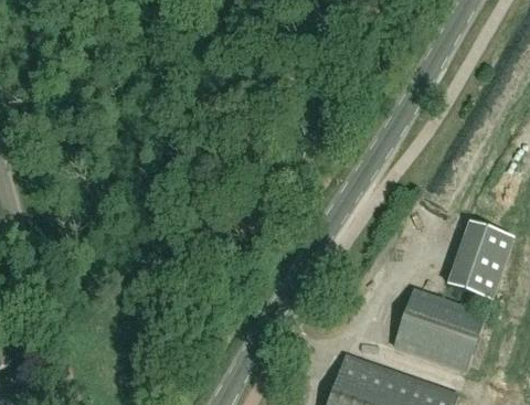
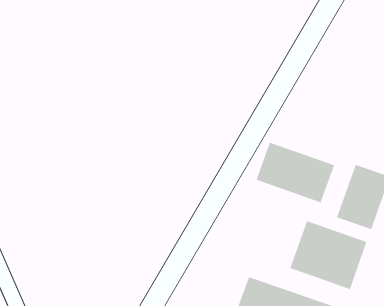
building: none -> [256,142,335,203]

